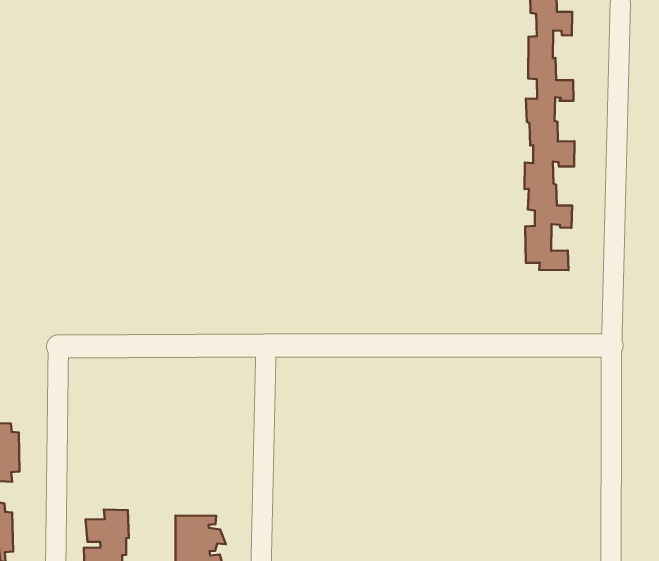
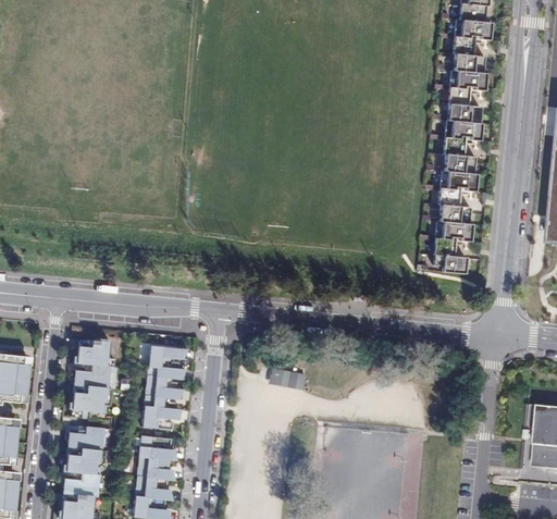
building: none -> [73,341,111,412]
building: none -> [143,347,189,431]
building: none -> [270,368,307,386]

